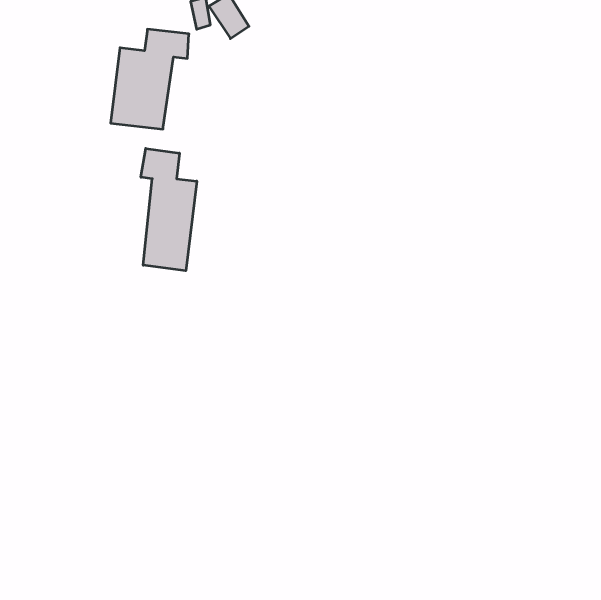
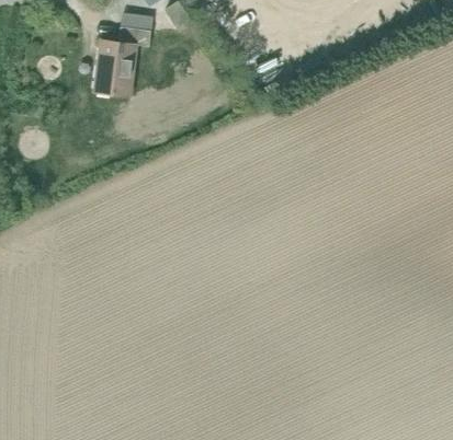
building: [141,148,197,271] -> none

